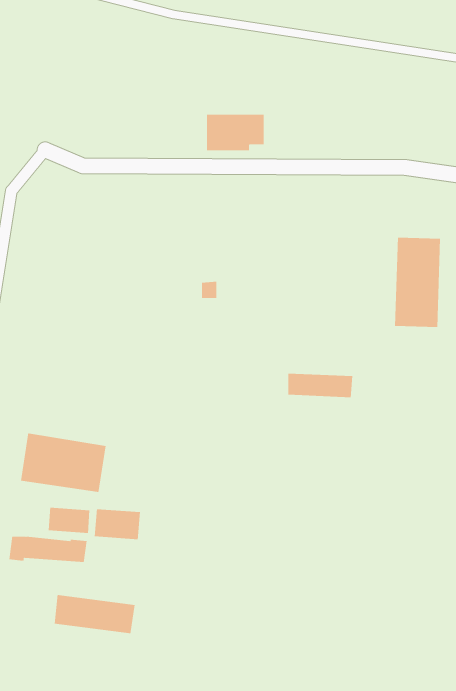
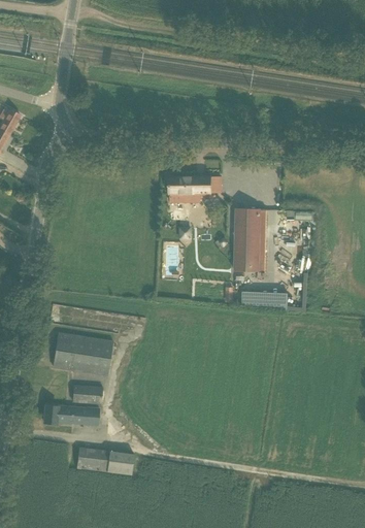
building: [206,114,265,151] -> [169,176,210,202]
building: [394,237,441,328] -> [234,207,267,271]
building: [94,508,141,540] -> none

